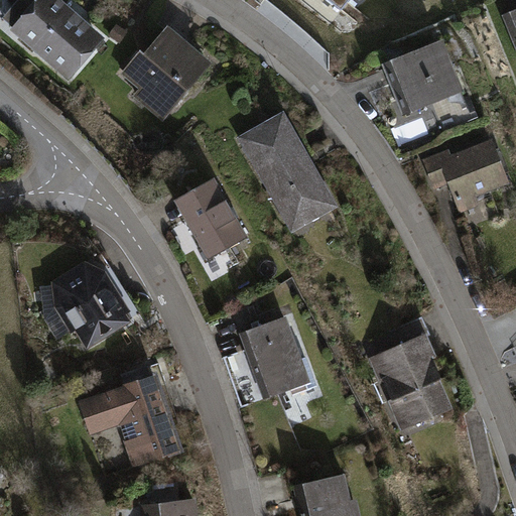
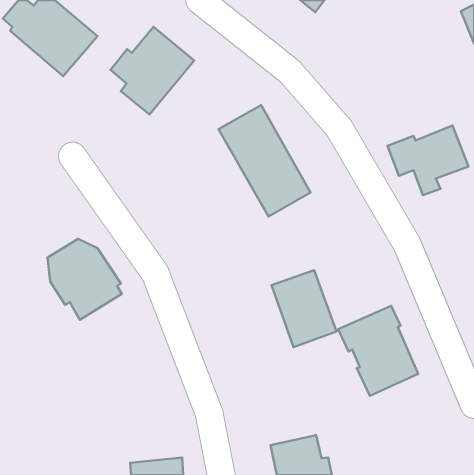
building: [381,34,465,115] -> none
building: [173,181,248,264] -> none
building: [238,313,308,397] -> [271,270,336,347]
building: [79,372,185,466] -> none

